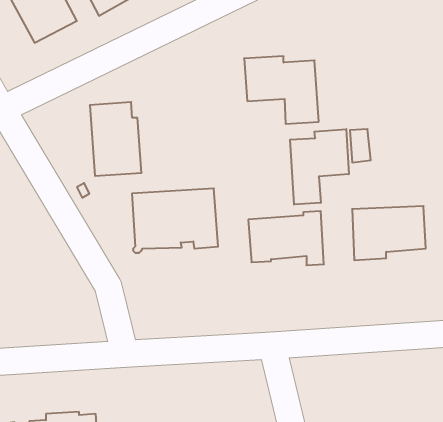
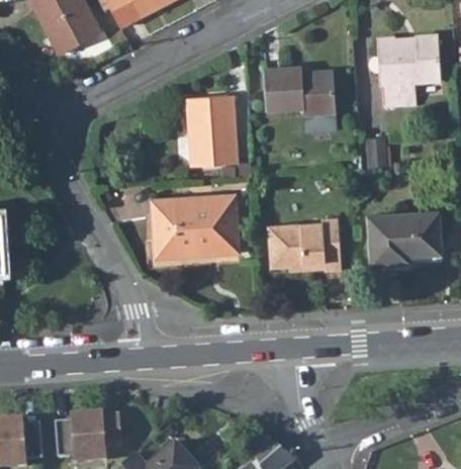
building: none -> [369,34,441,105]
building: [90,102,142,176] -> [187,95,238,167]
building: [290,129,349,205] -> none

